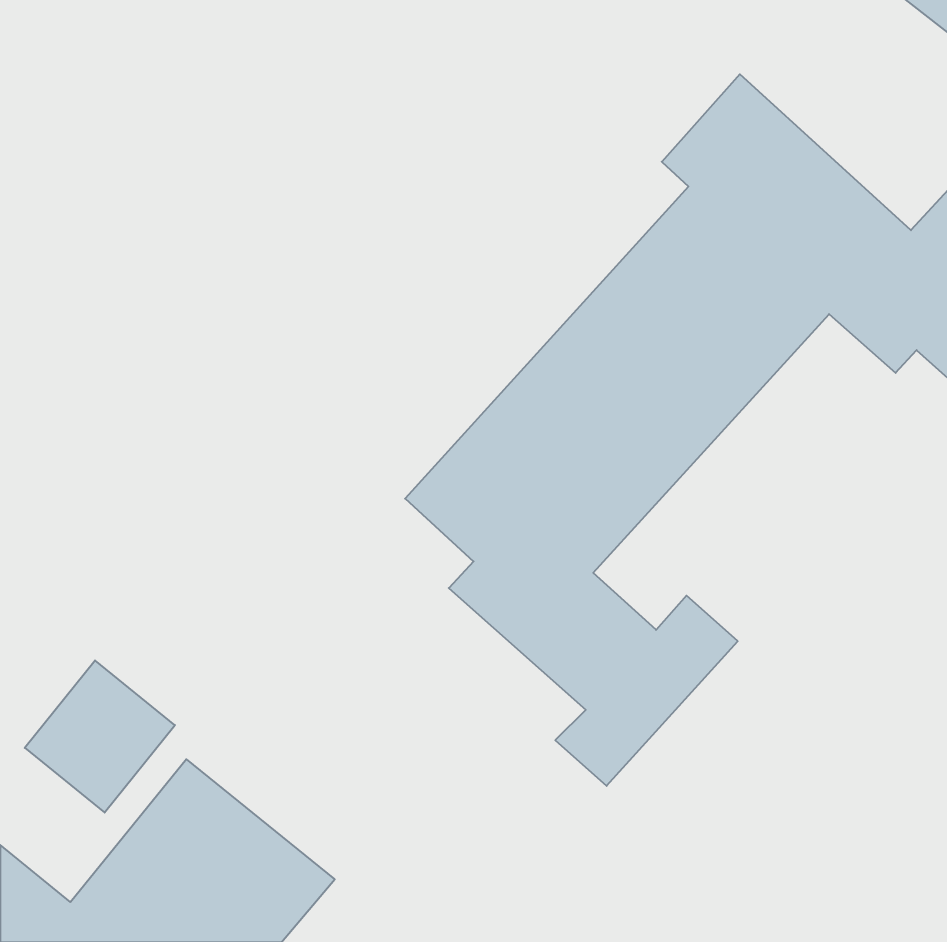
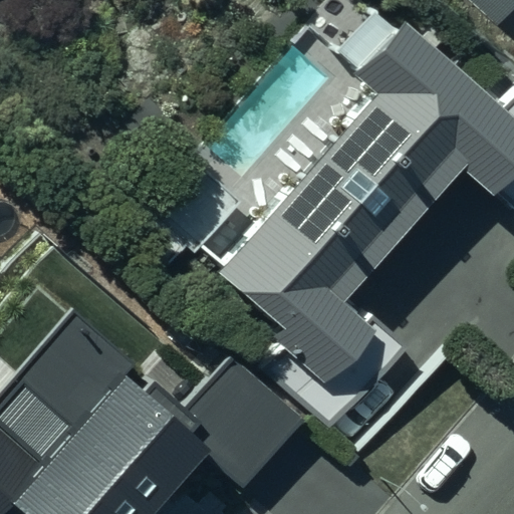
building: none -> [177,368,300,491]

